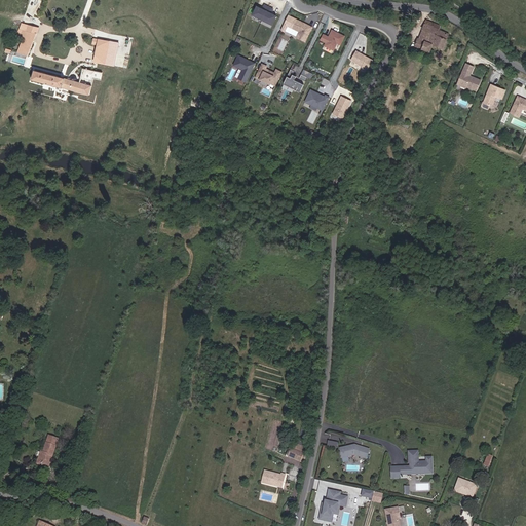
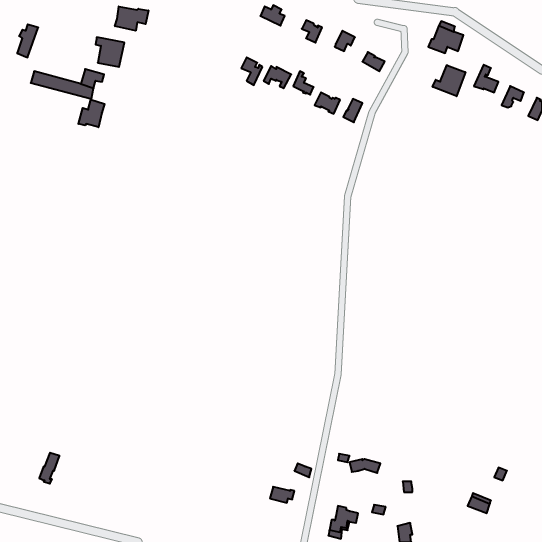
building: none -> [115,6,148,31]
building: none -> [433,65,465,96]
building: none -> [78,99,105,127]
building: [404,449,430,473] -> none

